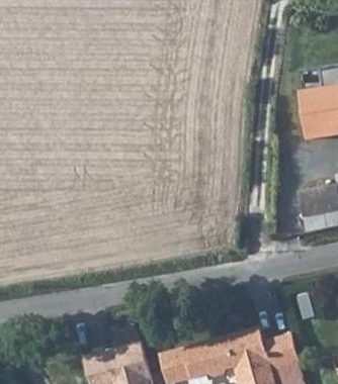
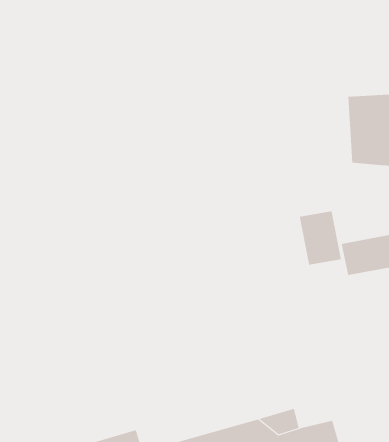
building: none -> [299,211,341,265]

